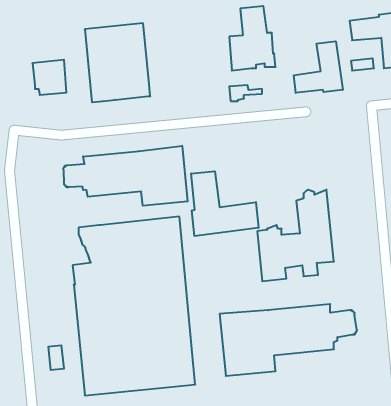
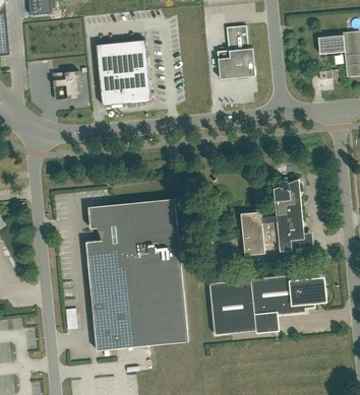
building: [294,41,343,93] -> none
building: [63,146,188,206] -> none
building: [191,171,258,236] -> none

